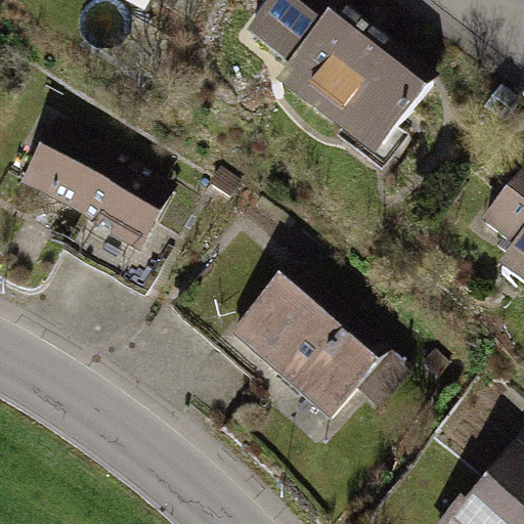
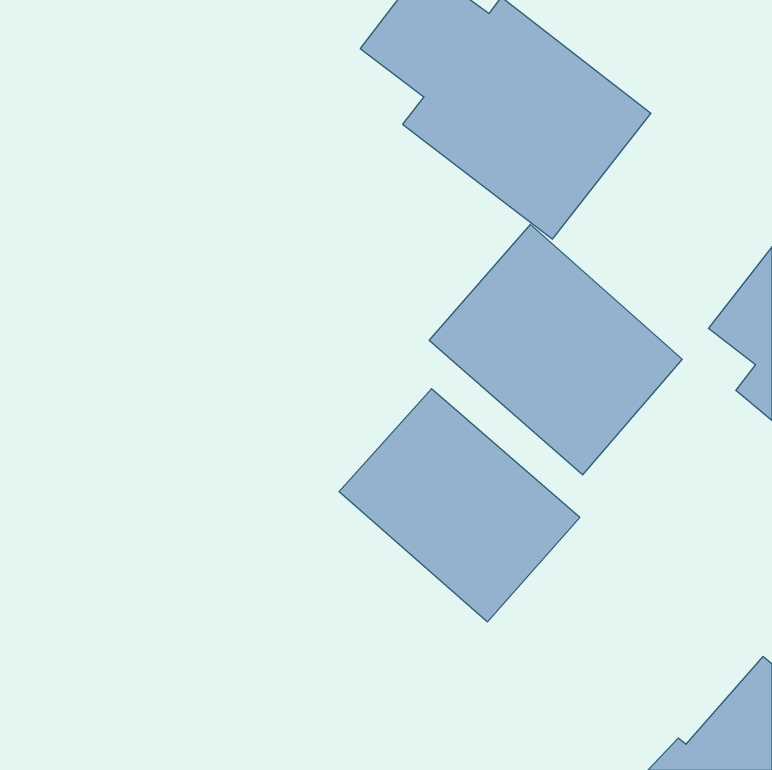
building: [20,116,178,251] -> none
building: none -> [429,224,682,475]

